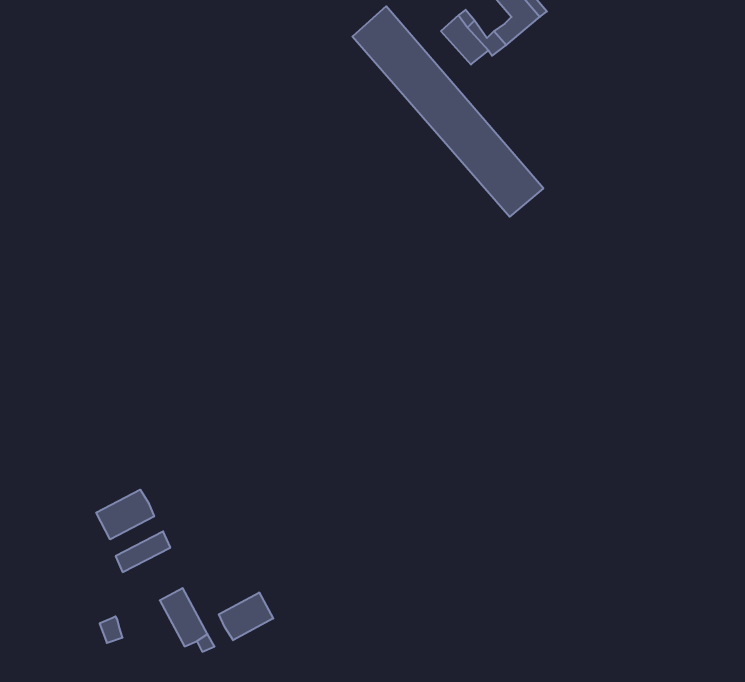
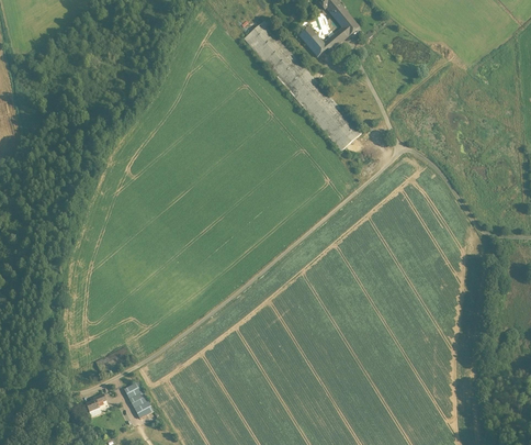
building: [96,490,154,539] -> none
building: [219,592,273,640] -> none

